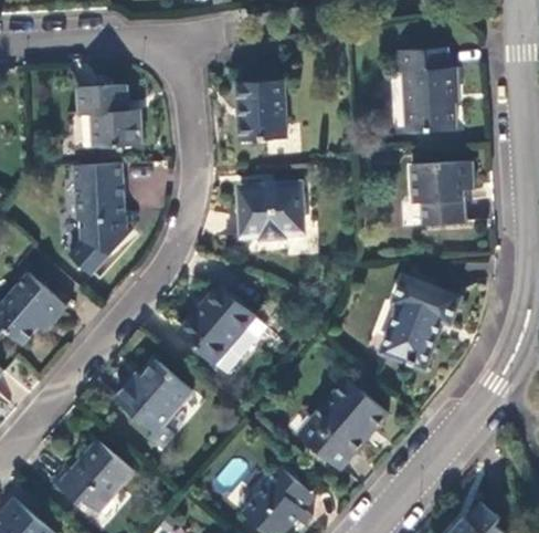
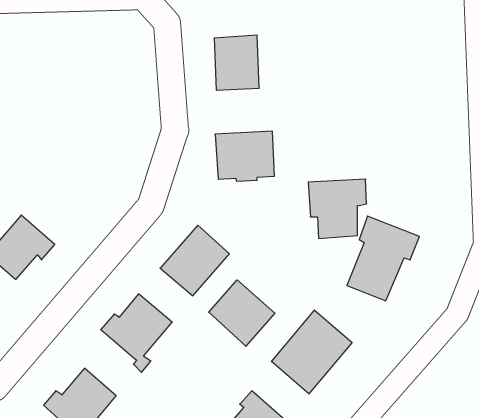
building: [395,49,457,132] -> none
building: [80,85,142,147] -> none
building: [412,161,475,226] -> [308,179,367,238]
building: [70,163,133,274] -> none
building: none -> [209,280,275,346]

